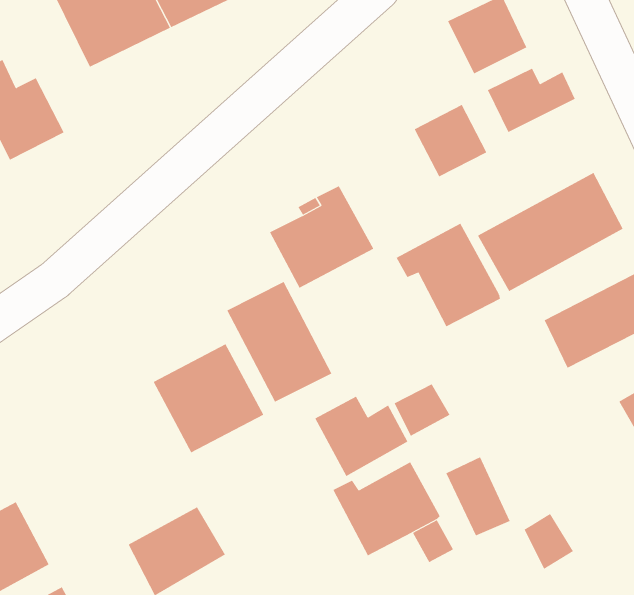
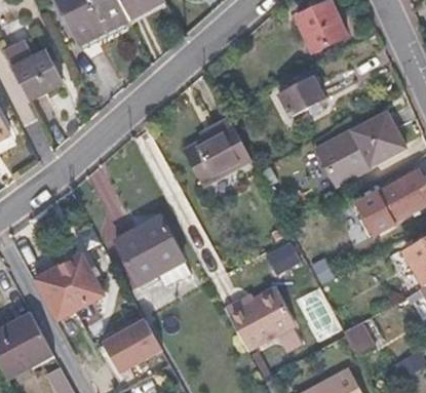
building: [487,68,576,133] -> none
building: [396,223,500,327] -> none
building: [226,281,332,403] -> none
building: [314,396,408,477] -> none
building: none -> [36,254,103,320]

